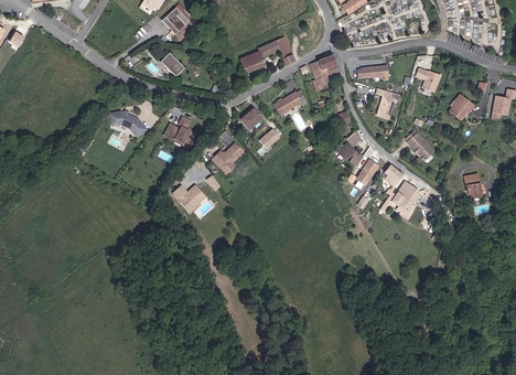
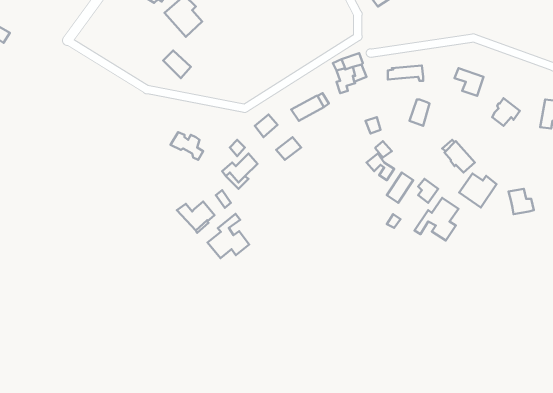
building: [239,36,294,72] -> none
building: [112,110,150,137] -> none
building: none -> [459,173,496,207]
building: none -> [207,214,249,258]

